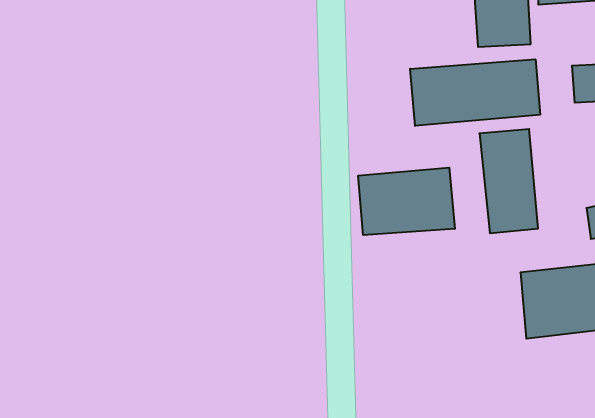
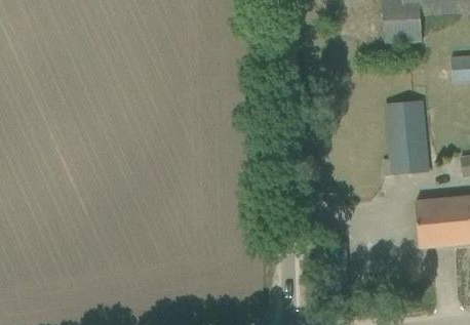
building: [410,59,540,126] -> none
building: [358,168,455,235] -> none

